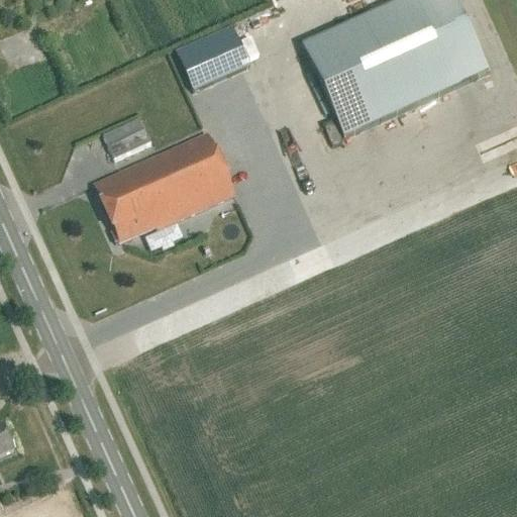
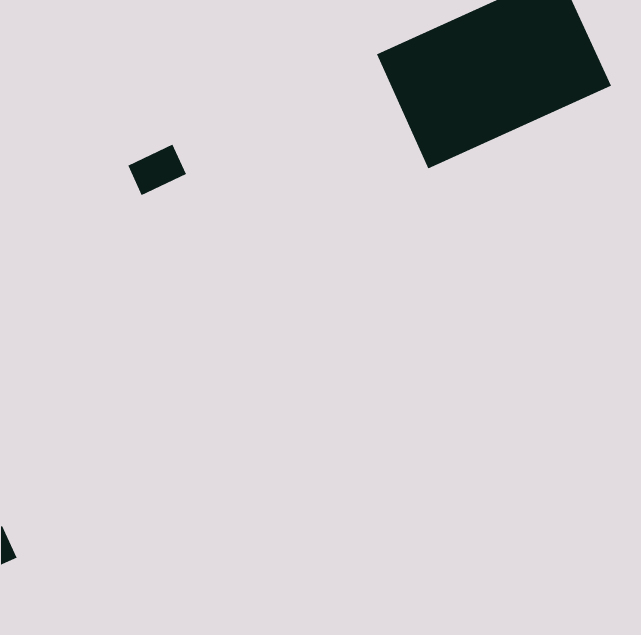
building: [178,25,251,89] -> none
building: [94,130,237,240] -> none

